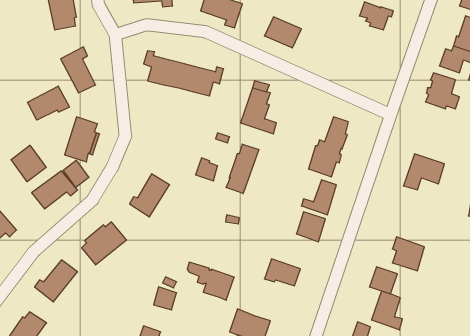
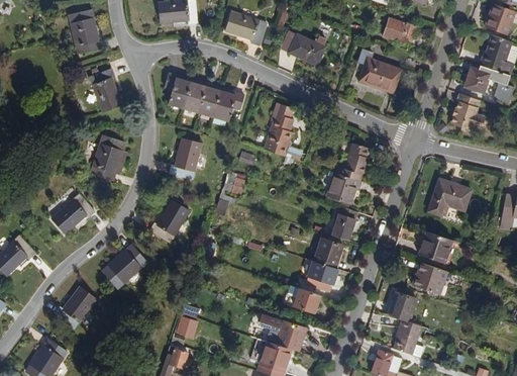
building: none -> [357,55,402,101]
building: [28,86,69,120] -> none
building: none -> [169,132,204,175]
building: [226,144,259,194] -> none
building: [11,145,46,182] -> none
building: [63,160,89,188] -> none
building: none -> [417,230,454,263]
building: none -> [309,257,342,288]
building: [187,262,234,300] -> [261,309,308,348]

